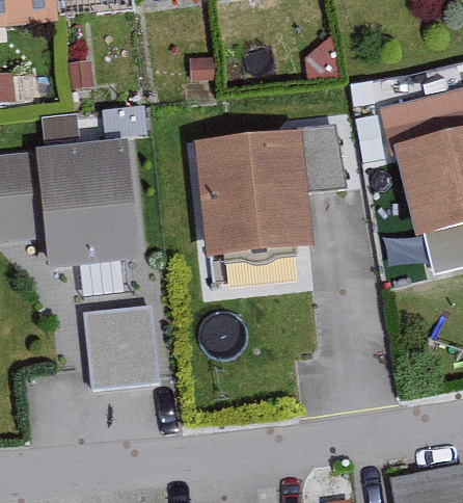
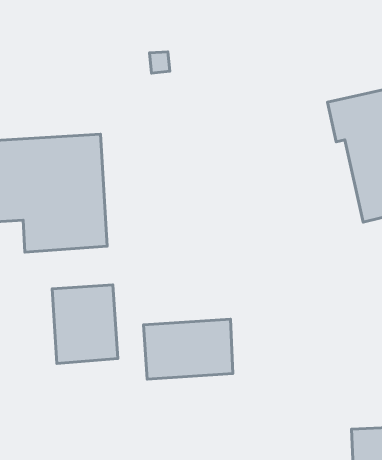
building: [202,128,342,257] -> none
building: none -> [144,319,233,379]

